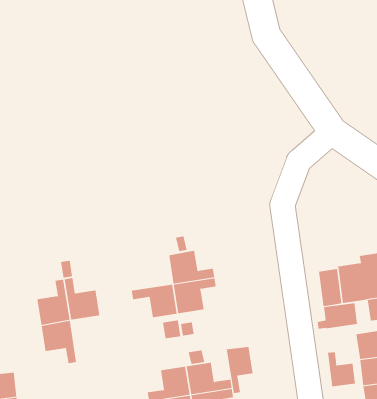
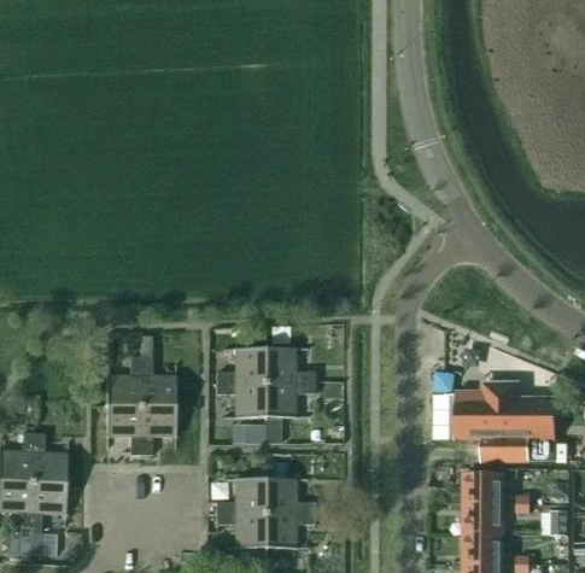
building: none -> [216,349,265,382]
building: [317,303,358,329] -> none
building: none -> [141,405,176,455]
building: [226,346,253,394] -> none
building: [327,351,355,387] -> none

